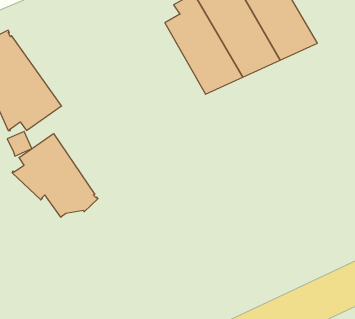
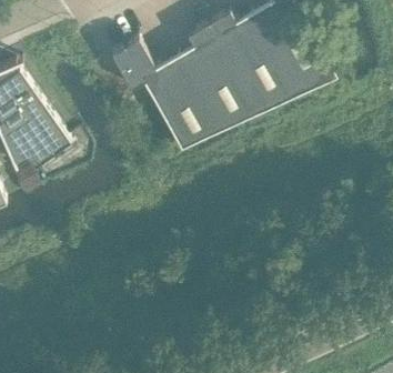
building: none -> [112,37,221,145]
building: [12,134,98,217] -> none

